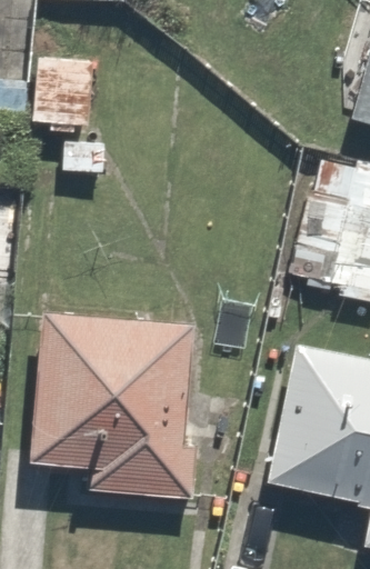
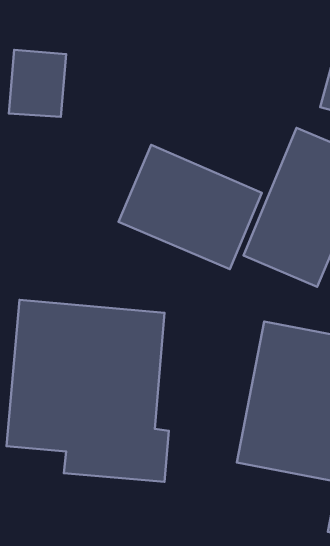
building: none -> [118,145,262,269]

